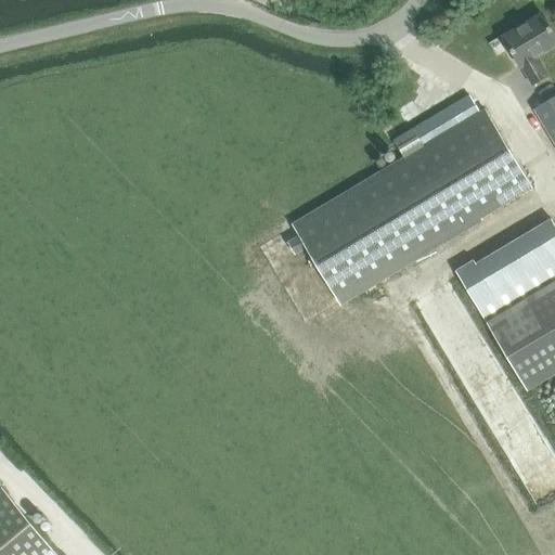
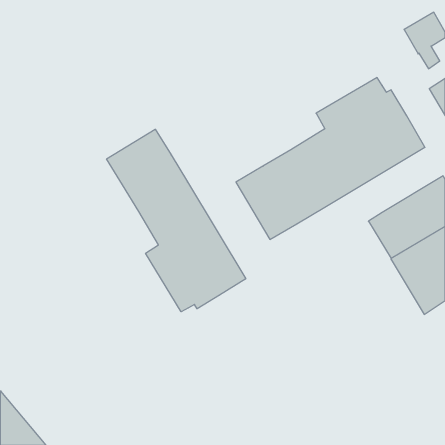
building: none -> [107,129,246,312]

